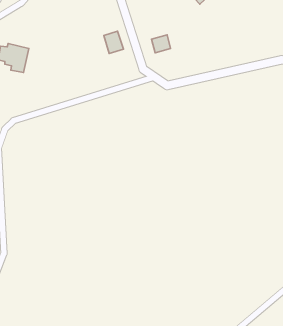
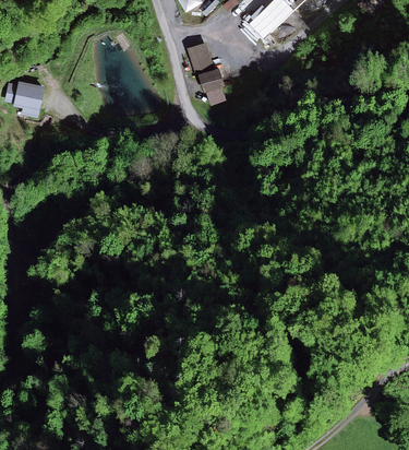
building: [104,31,124,53] -> [188,42,213,70]

